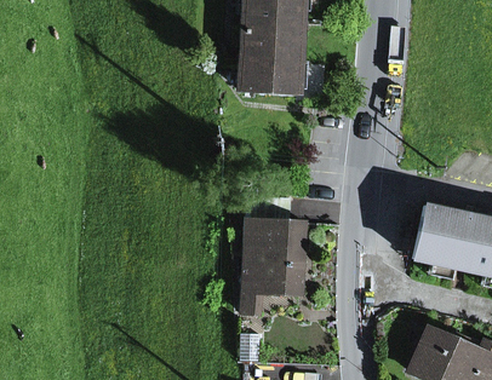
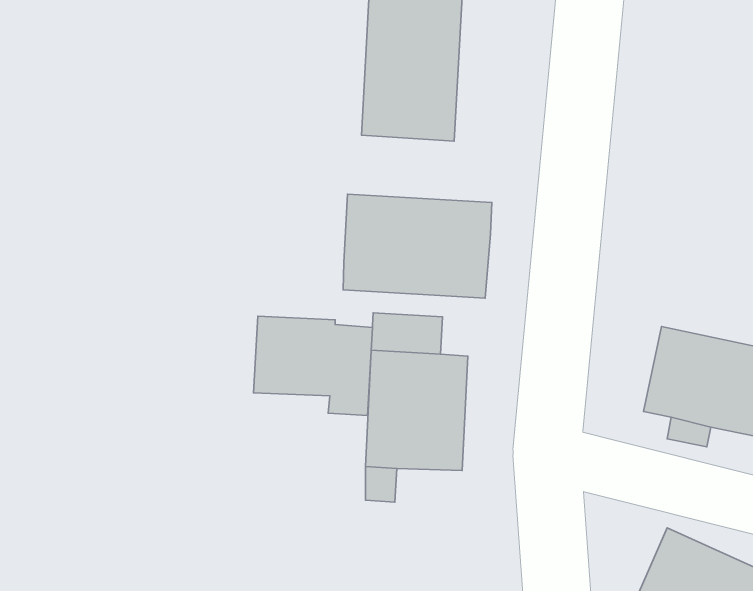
building: none -> [343,194,492,298]
building: none -> [254,316,373,416]

